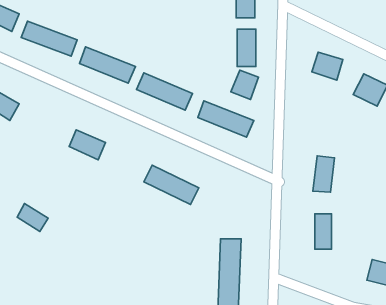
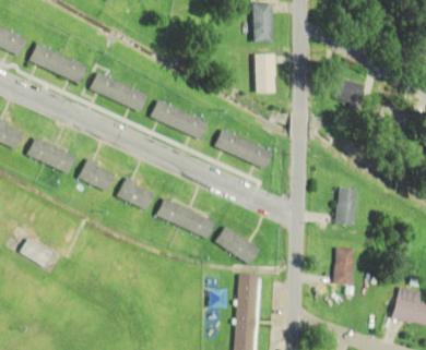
building: [231,70,258,99] -> none
building: none -> [26,136,75,172]
building: none -> [117,177,155,210]
building: none -> [214,226,258,264]

